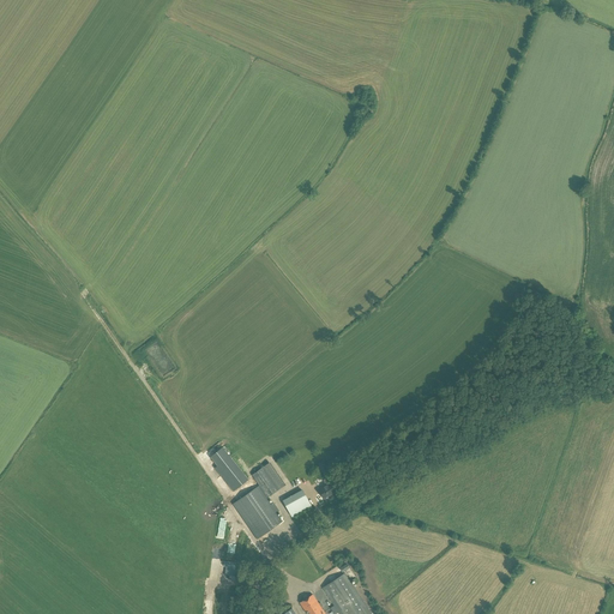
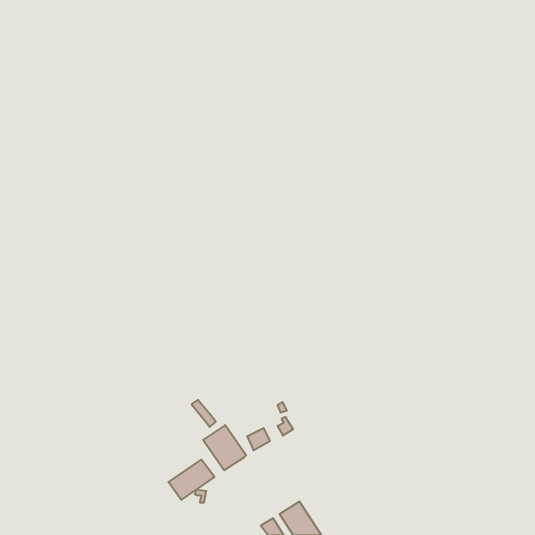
building: [251,463,282,496] -> none
building: none -> [168,459,214,500]

